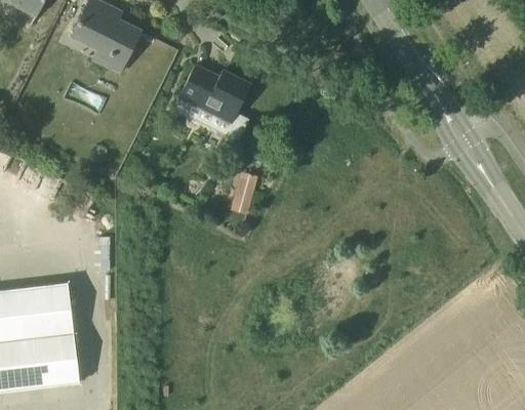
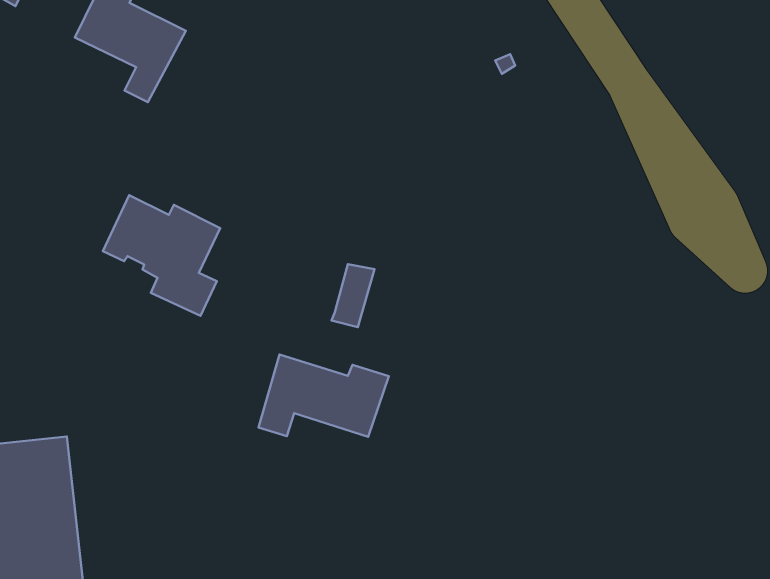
building: [177,65,250,139] -> [103,195,220,316]
building: none -> [259,355,389,437]

